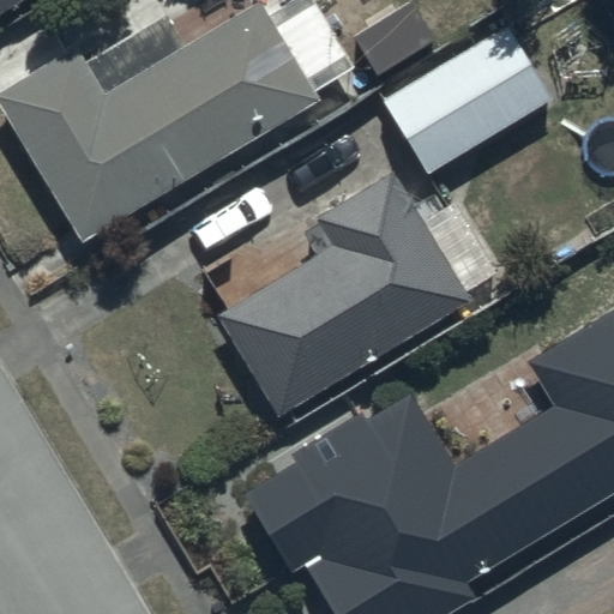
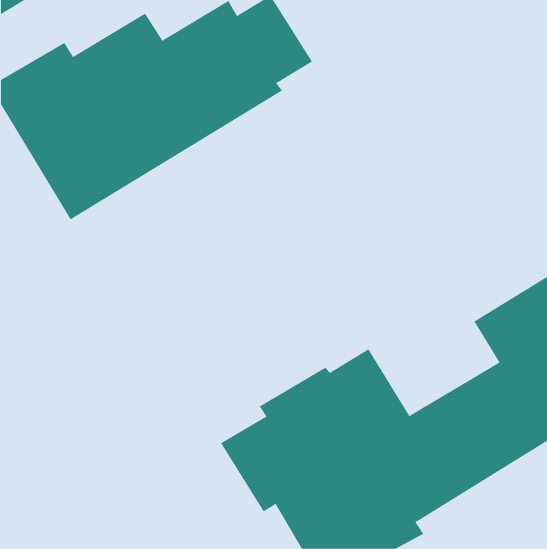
building: [383,23,553,176] -> none
building: [216,176,468,417] -> none

